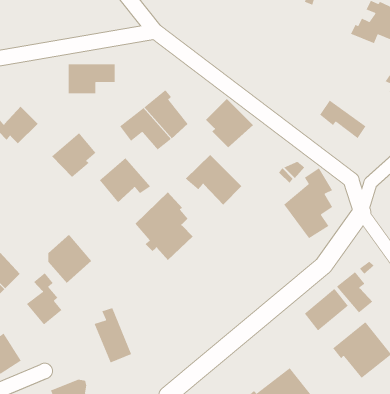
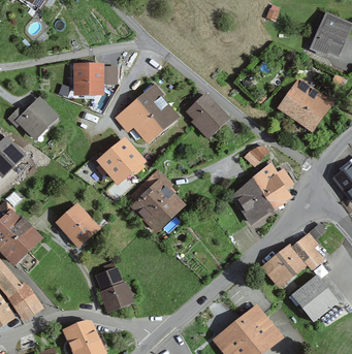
building: none -> [288,82,326,119]
building: [51,132,97,178] -> none
building: [185,154,242,206] -> none
building: none -> [234,182,271,222]
building: [26,272,63,326] -> none

